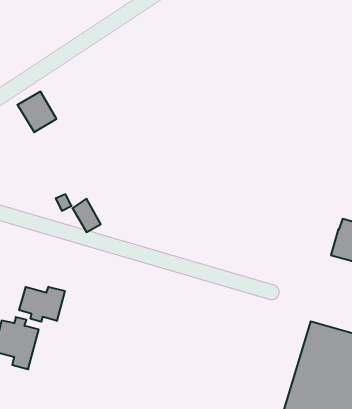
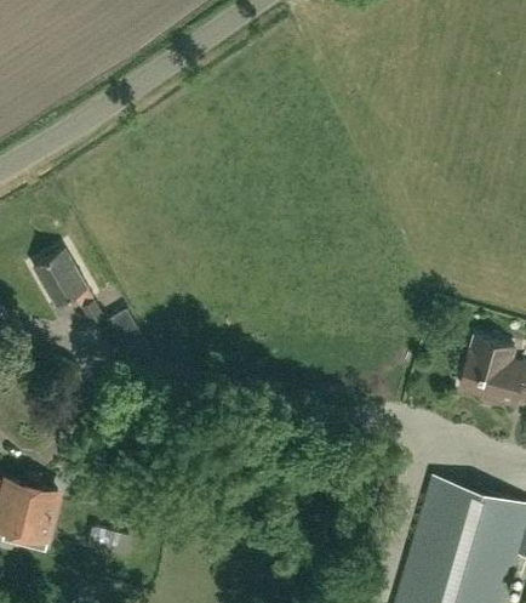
building: [17,92,56,132] -> [33,250,86,306]
building: [19,287,65,322] -> none

